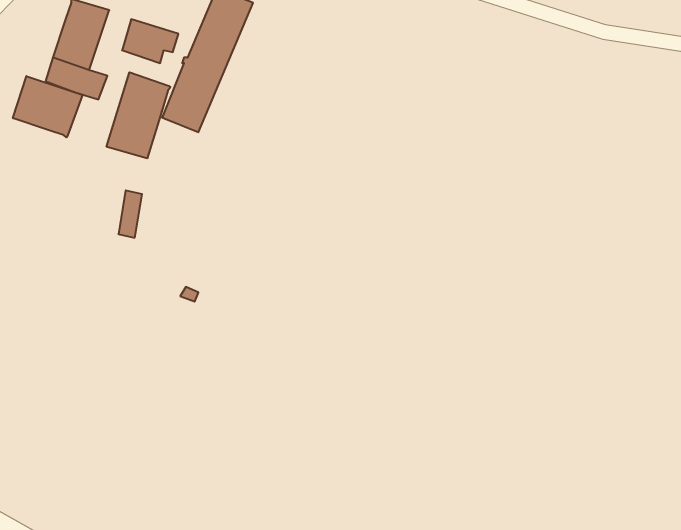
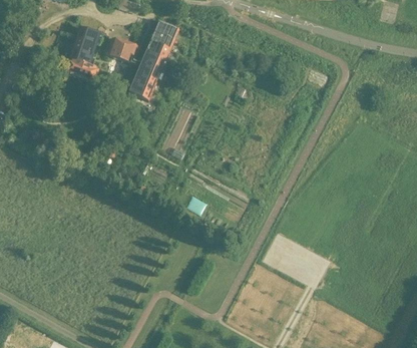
building: [107,72,170,158] -> none
building: [13,76,82,137] -> none

